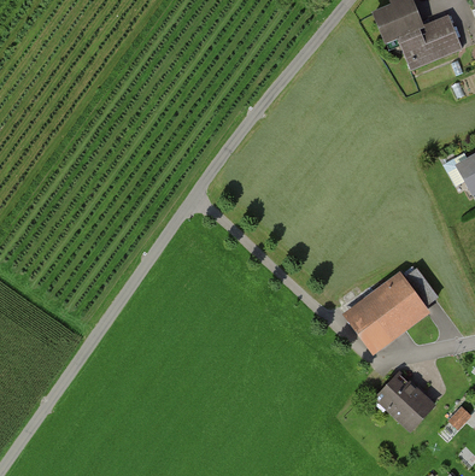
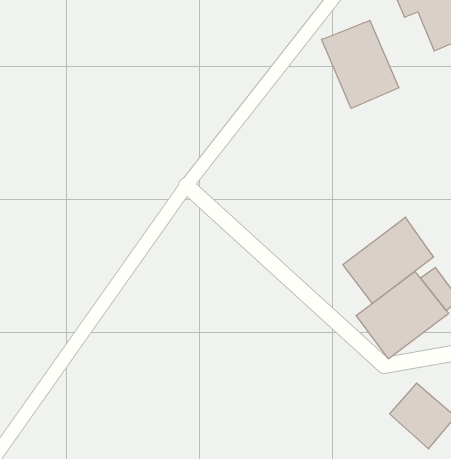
building: none -> [321,20,399,108]
building: none -> [343,217,433,303]

